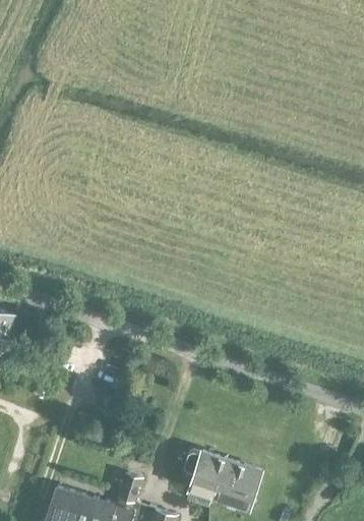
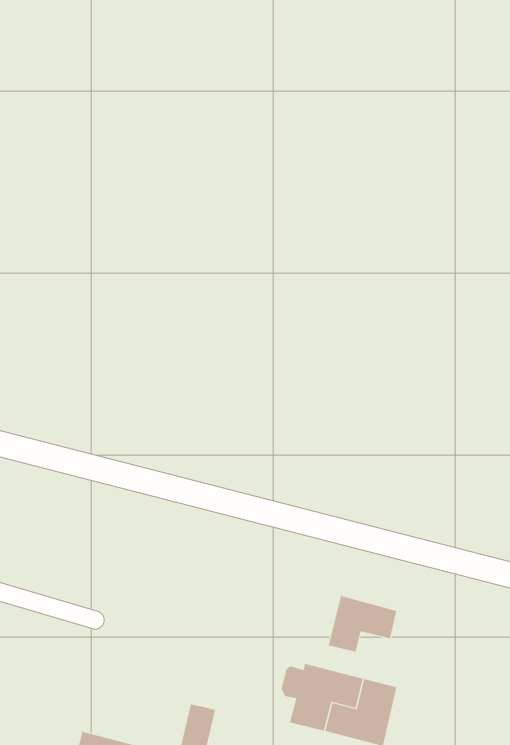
building: none -> [328,595,397,652]

